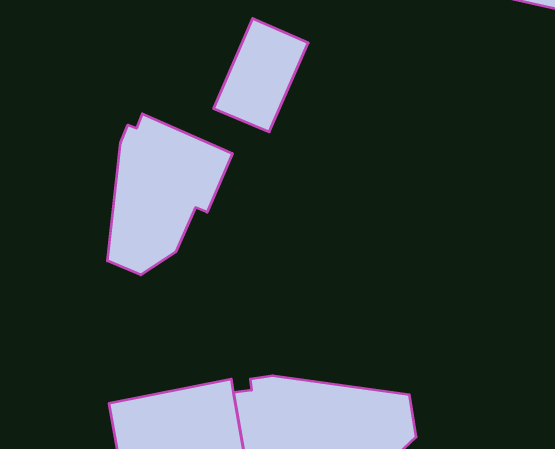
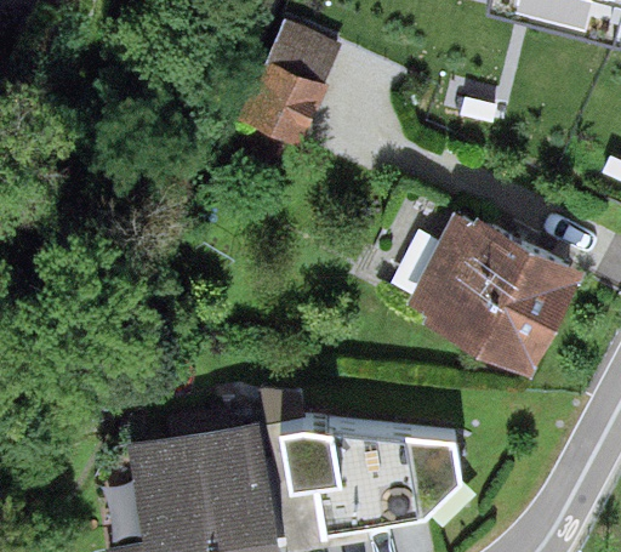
building: [107,114,232,275] -> none
building: none -> [400,209,587,379]

